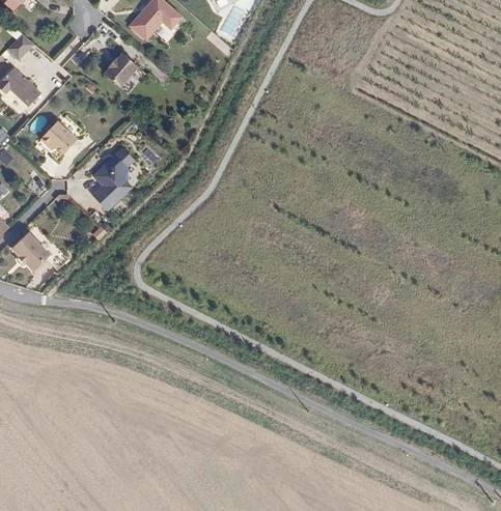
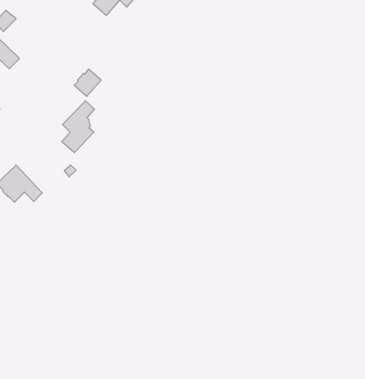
building: [104,54,137,87] -> [74,69,101,96]
building: [40,120,77,154] -> none

